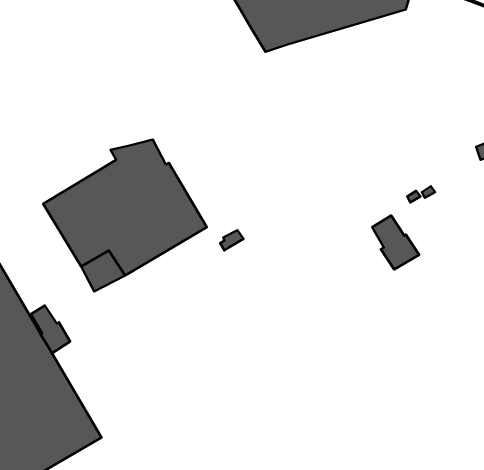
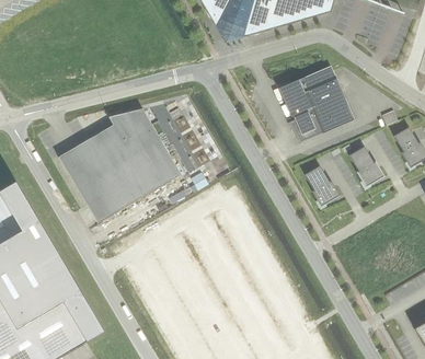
building: none -> [278,63,354,141]
building: none -> [348,144,383,185]
building: [31,305,70,353] -> none

